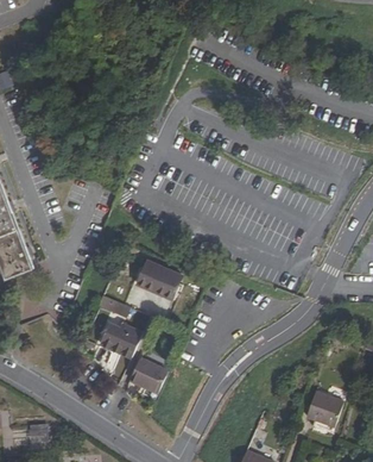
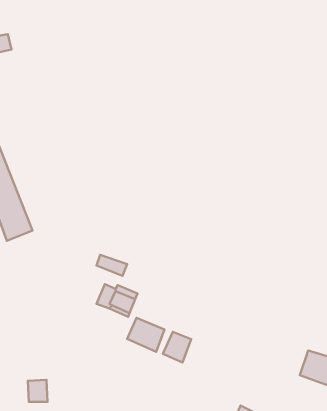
building: [135,260,182,298] -> none
building: none -> [163,332,191,363]

